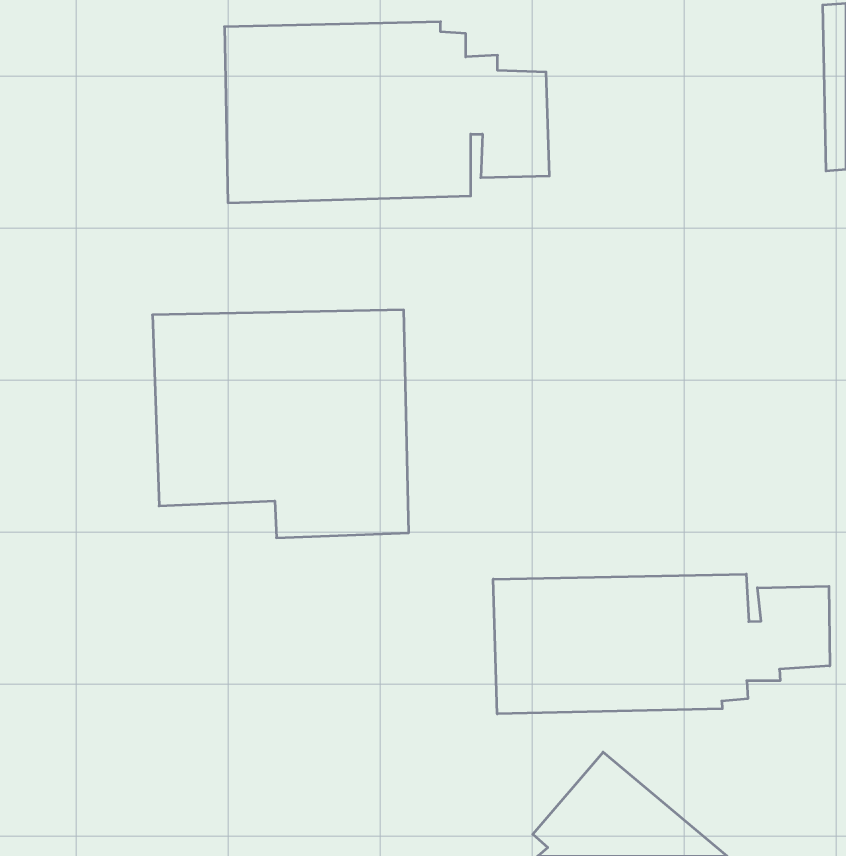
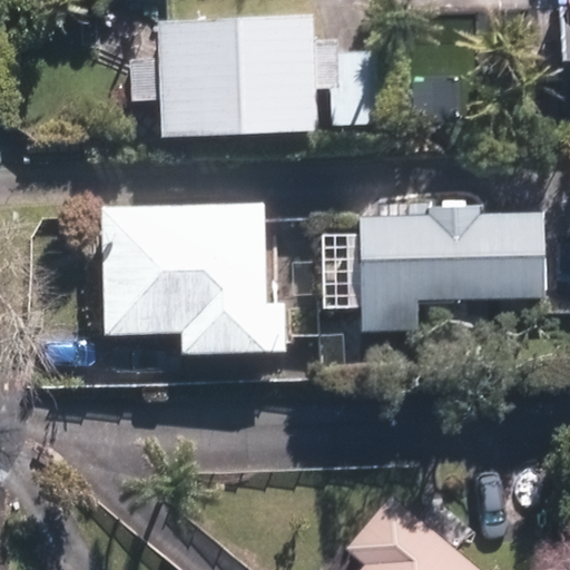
building: none -> [351,209,547,331]
building: [493,574,830,714] -> none

